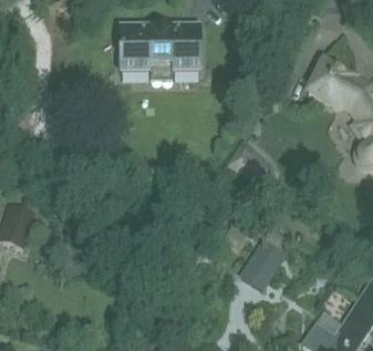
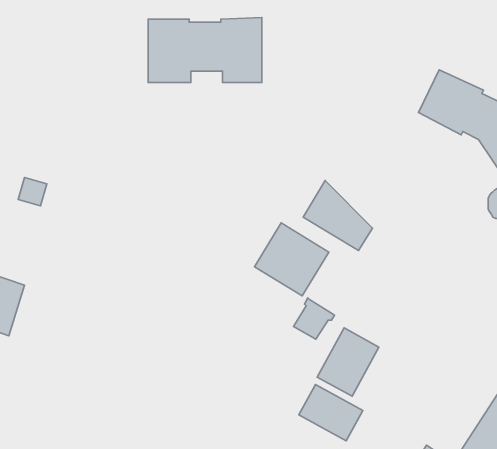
building: none -> [254,223,329,296]
building: none -> [299,385,363,441]

